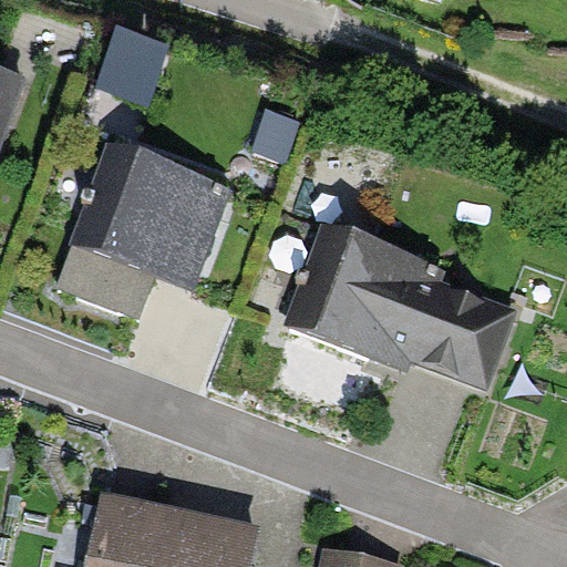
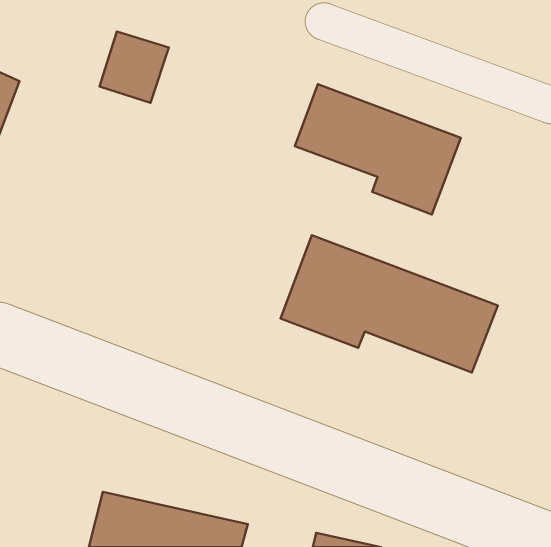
building: none -> [295,84,461,214]
building: [60,165,224,316] -> none

